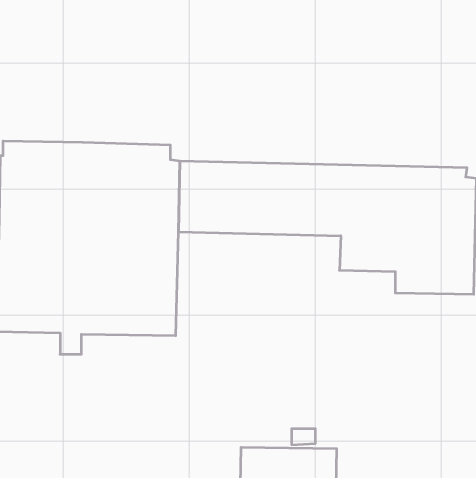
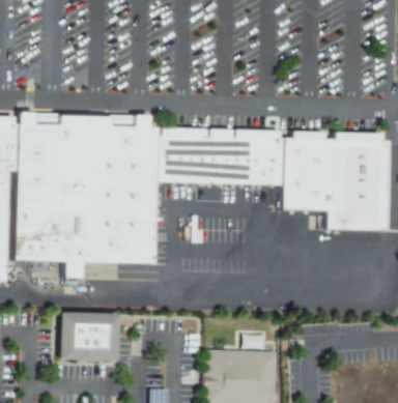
building: none -> [60,313,119,361]

